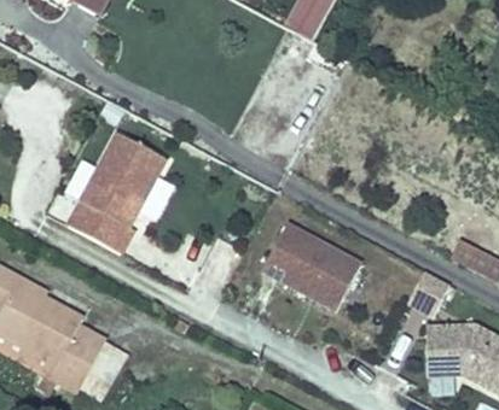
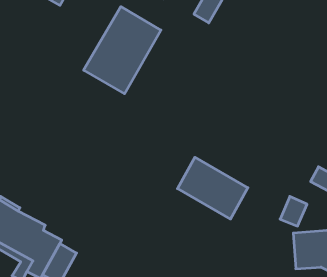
building: [66,130,174,251] -> [84,7,161,94]

